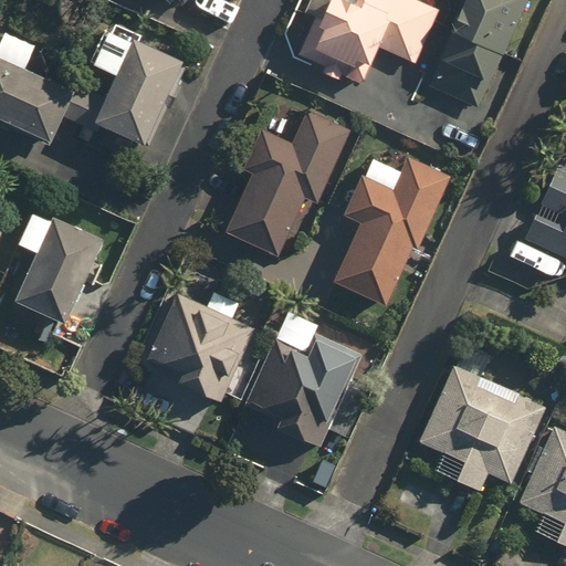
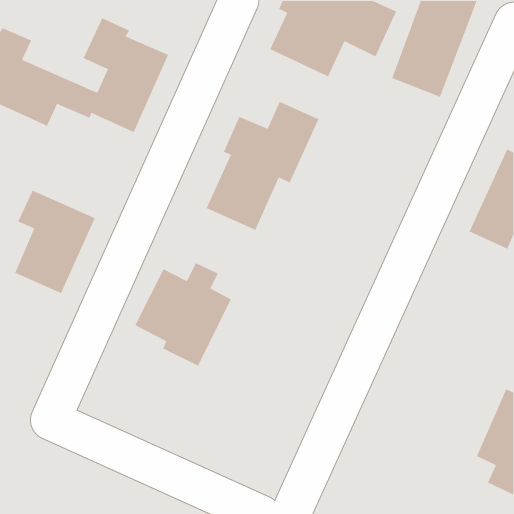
building: [335,151,450,306] -> none
building: [247,331,359,470] -> none
building: [419,345,545,490] -> none

